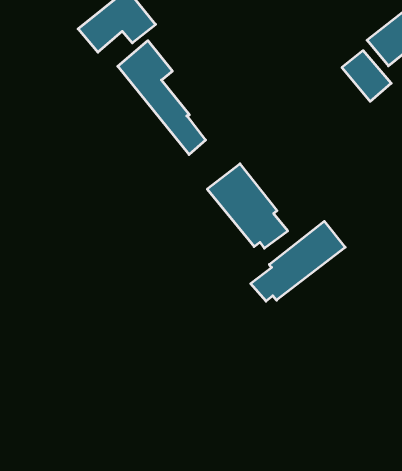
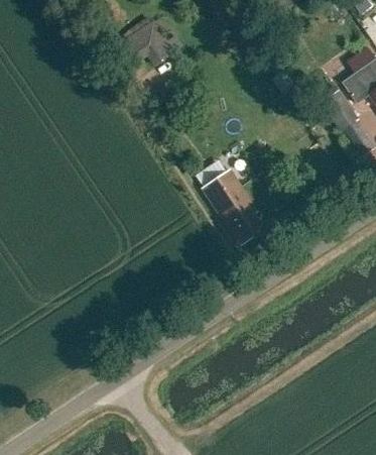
building: [118,41,206,155] -> none
building: [251,221,345,301] -> none

